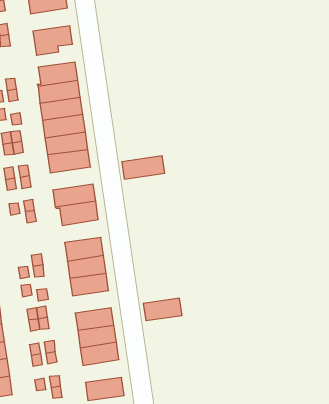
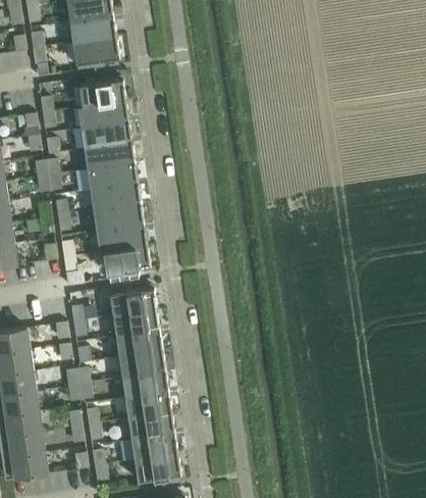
building: none -> [69,15,116,43]
building: [122,156,165,179] -> [93,204,144,232]
building: [143,298,182,321] -> [119,351,165,378]
building: none -> [131,433,177,460]

